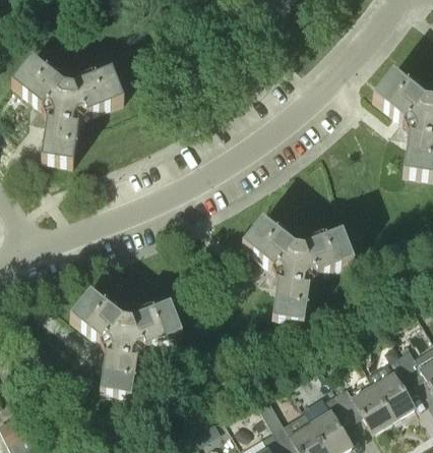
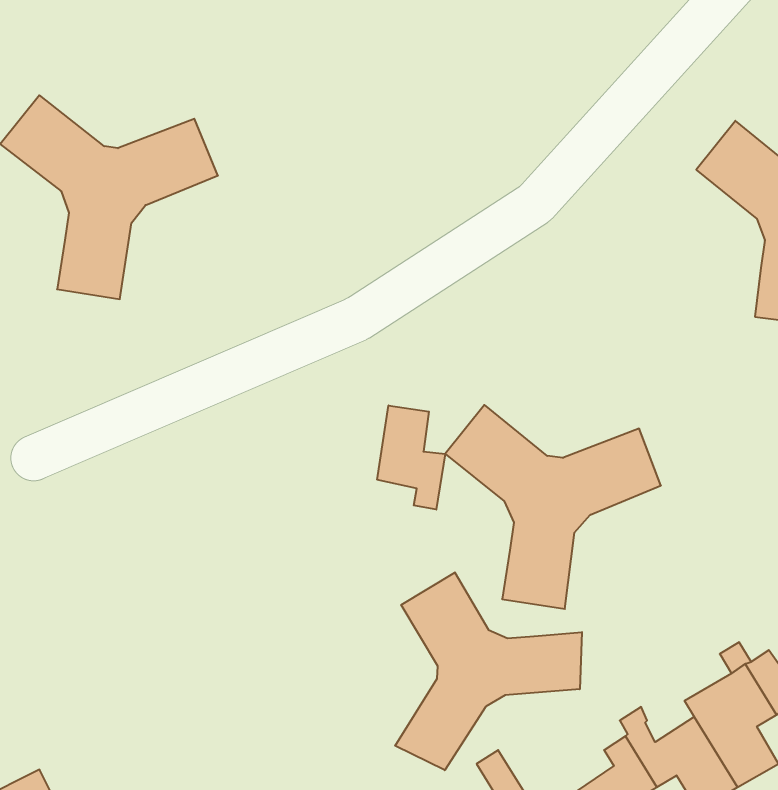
building: none -> [377,405,445,510]
building: [71,288,183,394] -> none
building: none -> [395,572,582,770]

